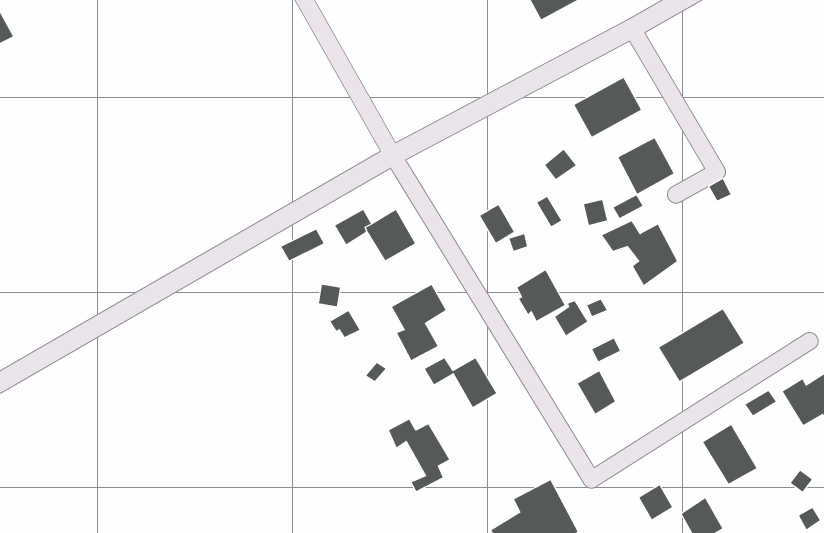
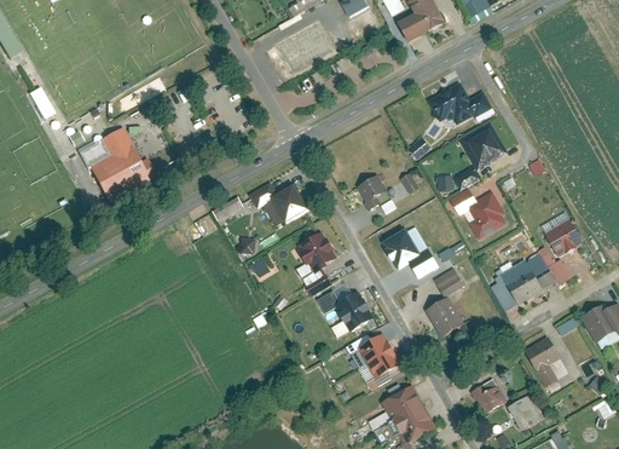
building: none -> [91,125,160,201]
building: none -> [540,215,586,281]
building: [388,419,450,492] -> [349,333,395,387]

